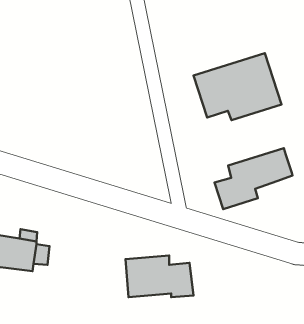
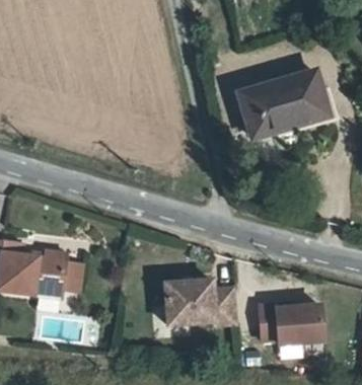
building: [215,148,292,209] -> none
building: none -> [257,302,321,341]

